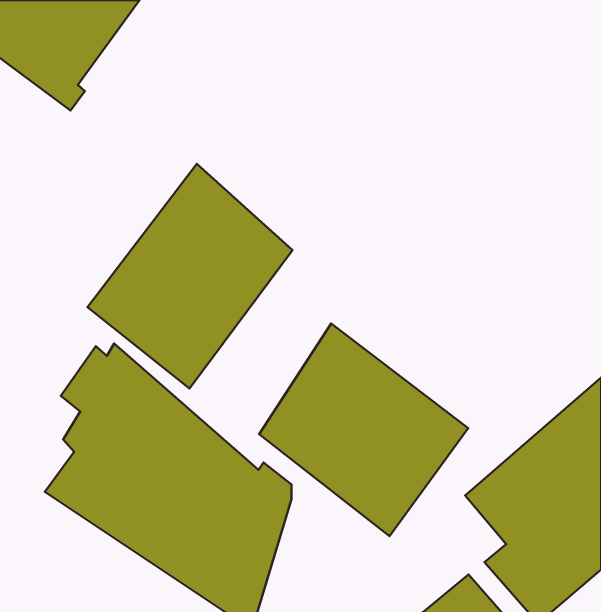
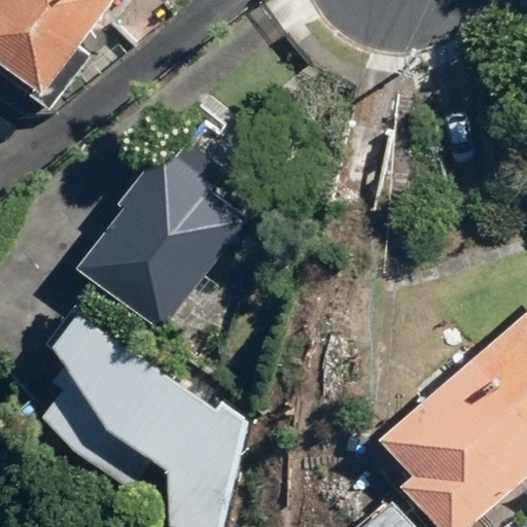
building: [259,324,468,536] -> none

